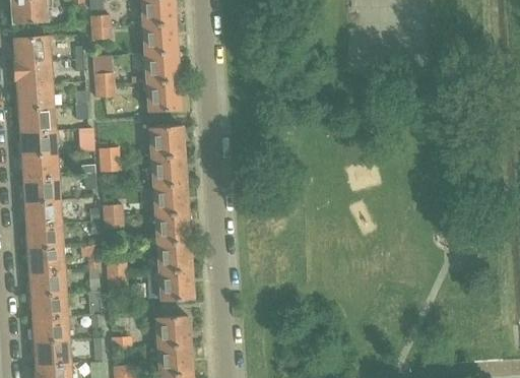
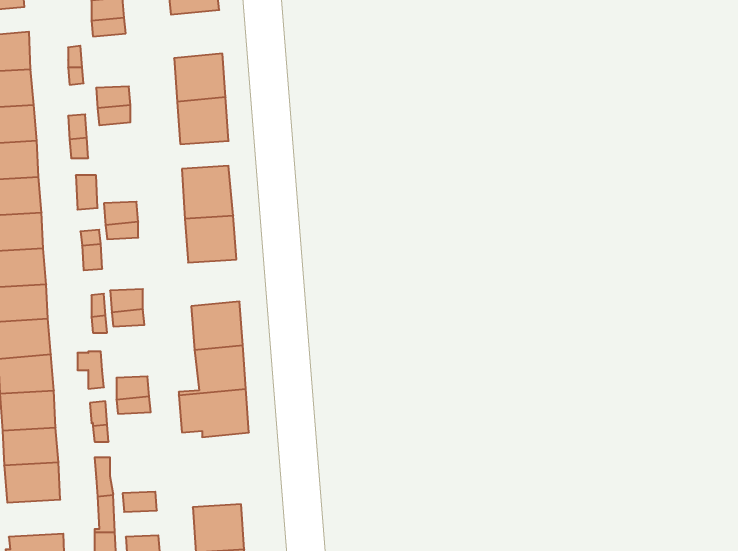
building: [142,22,176,54] -> none
building: [153,185,187,215] -> none
building: [154,314,188,346] -> none
building: [36,341,72,366] -> none

